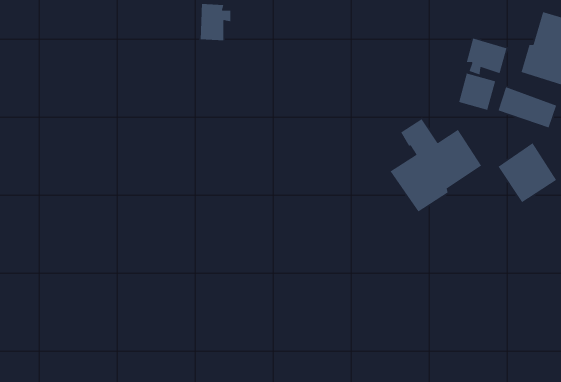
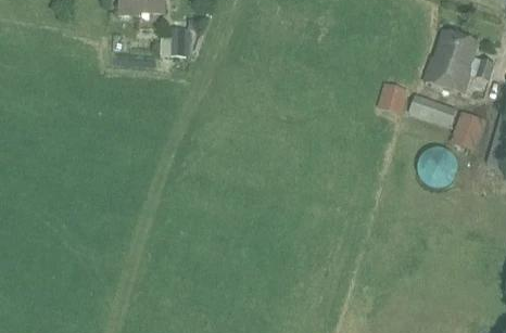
building: [466,37,508,75] -> none
building: [389,118,482,213] -> none

